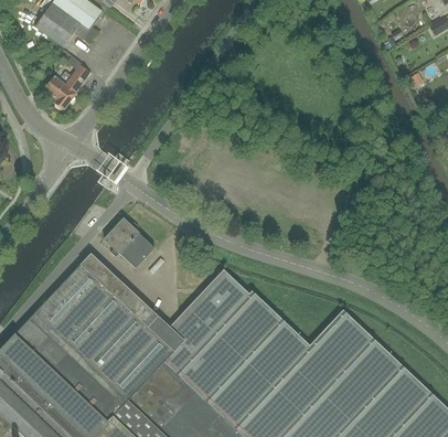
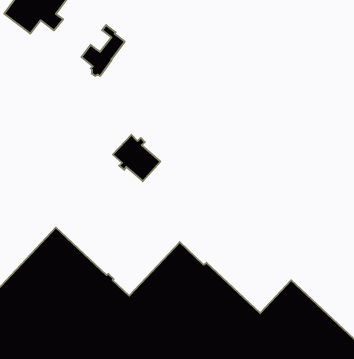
building: [44,55,90,109] -> [81,25,125,76]
building: [104,218,154,268] -> [113,135,160,181]

